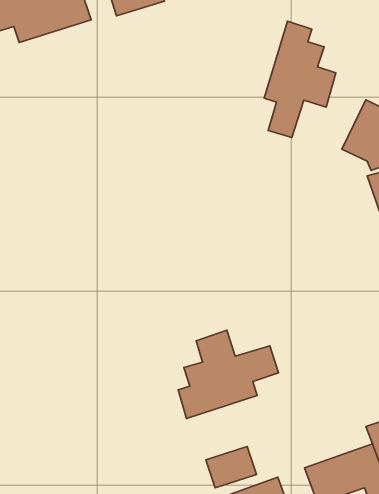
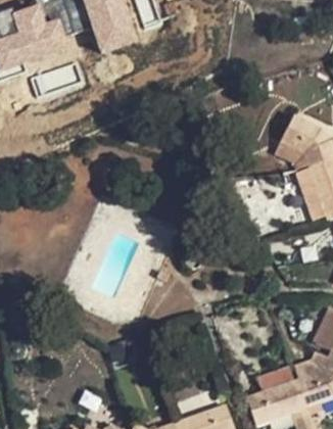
building: [264,21,336,137] -> none
building: [178,330,279,418] -> none

